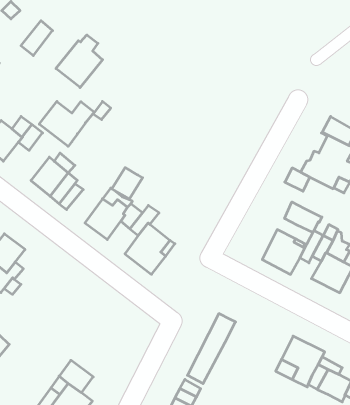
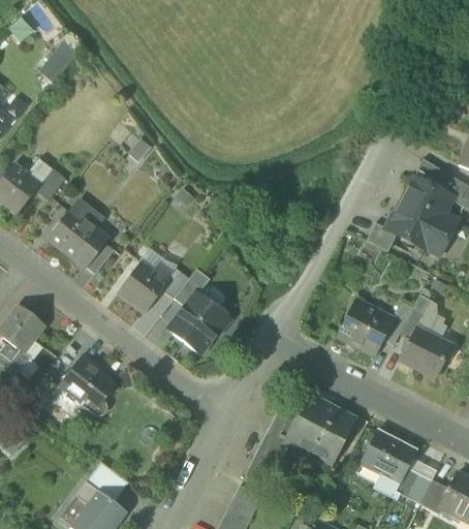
building: [56,35,103,88] -> none
building: [39,101,95,146] -> none
building: [112,168,143,199] -> none
building: [285,202,322,233] -> none
building: none -> [58,354,115,417]
building: none -> [291,395,354,462]

